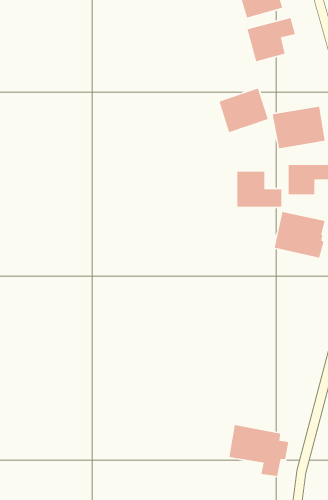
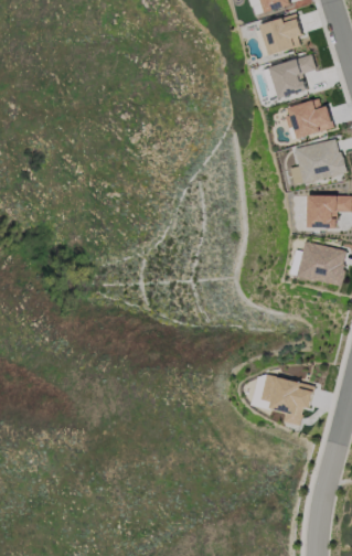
building: [218,87,269,133] -> [284,96,332,140]
building: [236,171,282,207] -> none
building: [228,424,289,477] -> [253,374,311,425]

